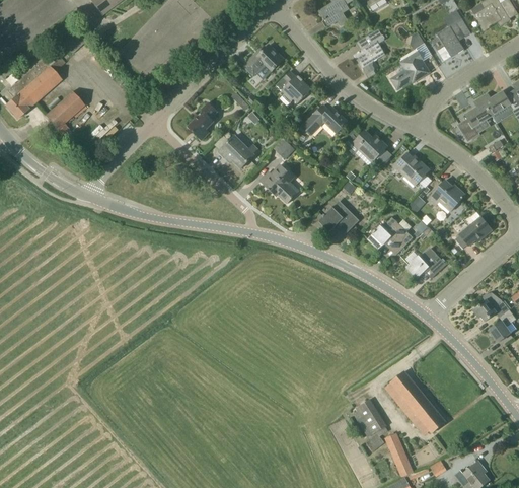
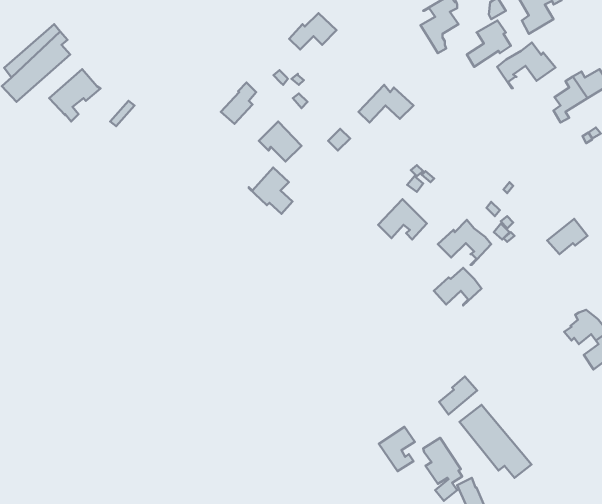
building: none -> [497,42,556,88]
building: [277,71,310,103] -> none
building: [354,131,386,165] -> none
building: [394,152,430,186] -> none
building: [261,164,297,203] -> [249,168,293,214]
building: [428,180,465,213] -> none
building: [406,248,446,279] -> [434,268,481,306]
building: none -> [439,376,477,414]
building: none -> [379,427,415,471]

